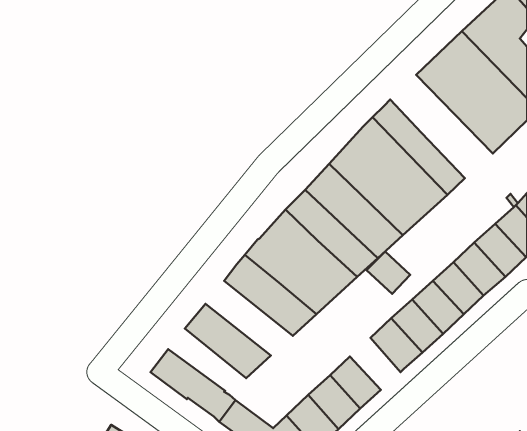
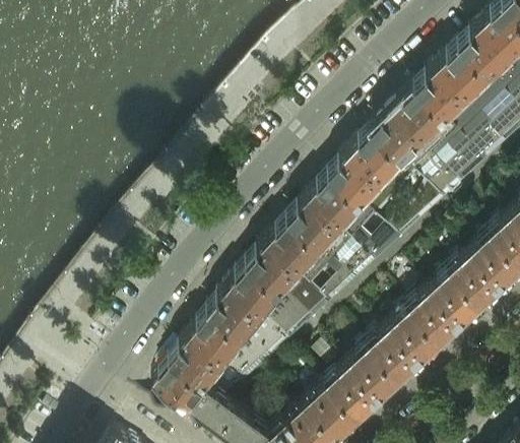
building: none -> [384,89,484,191]
building: [367,251,410,294] -> none
building: none -> [203,292,288,365]
building: none -> [167,338,243,399]
building: none -> [344,347,394,398]

